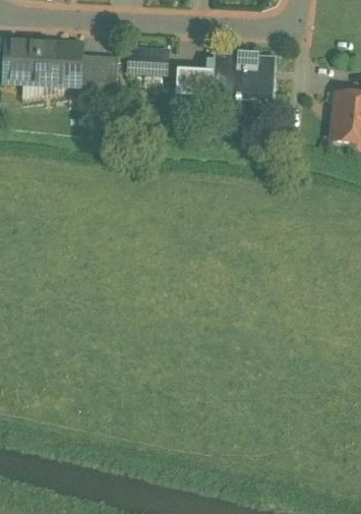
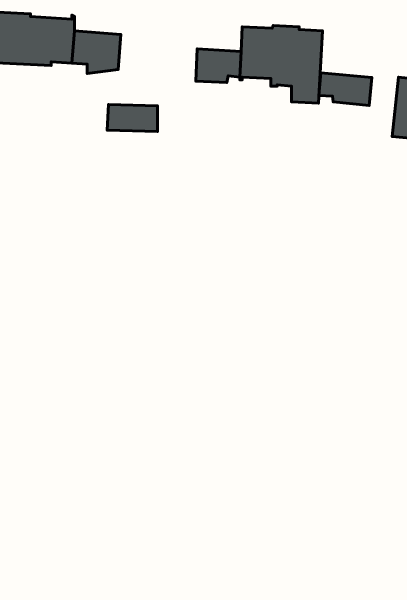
building: [127,50,167,71] -> [107,104,157,132]
building: none -> [319,73,372,105]

